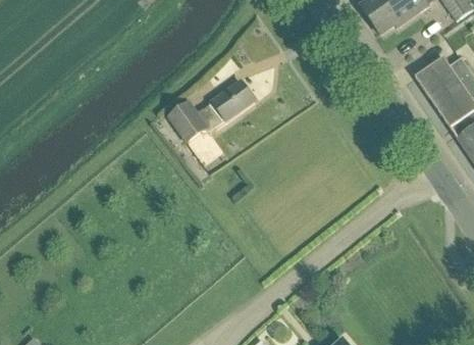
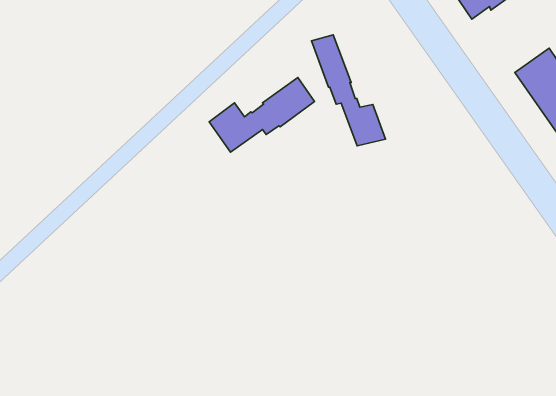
building: none -> [311,35,385,146]

